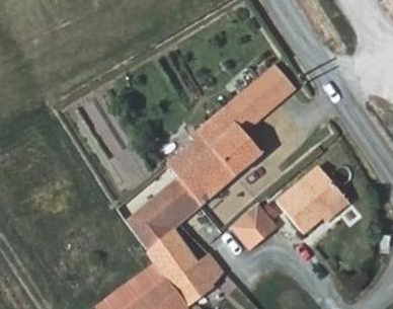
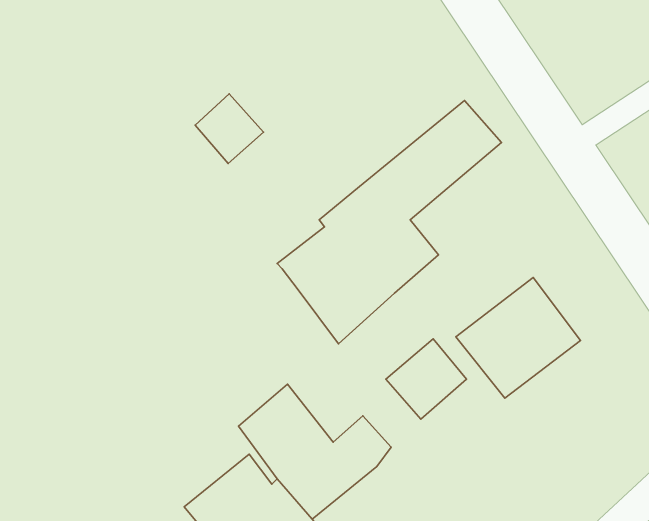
building: none -> [195,94,264,163]
building: [126,174,204,253] -> none

